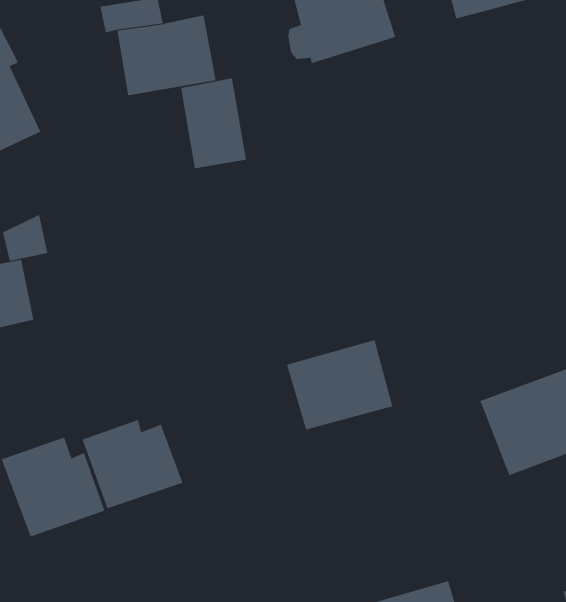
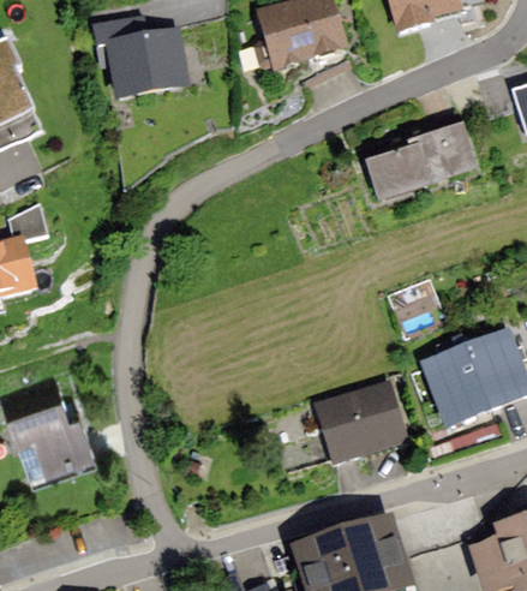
building: [181,77,247,169] -> none
building: none -> [359,108,475,198]
building: [286,339,393,430] -> [316,382,408,460]
building: [82,419,183,509] -> none

